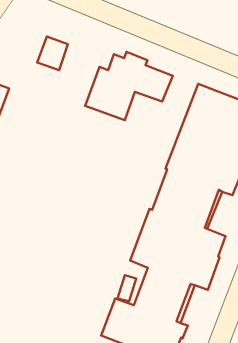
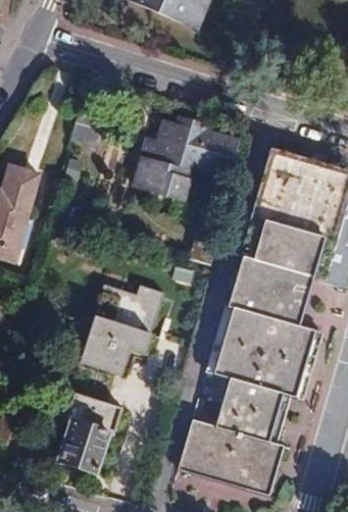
building: none -> [79,286,162,377]
building: none -> [58,391,123,474]

